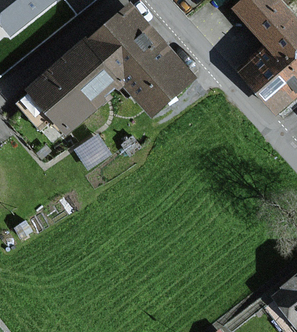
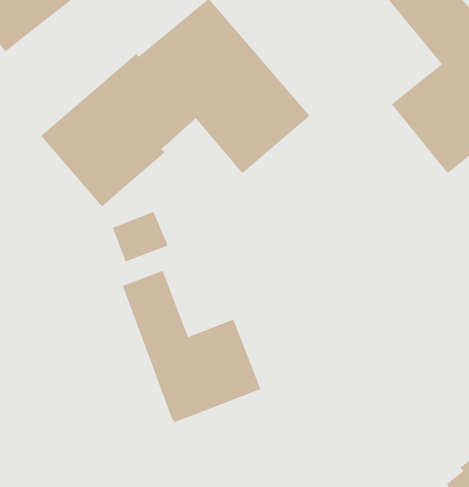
building: none -> [122,270,261,423]

